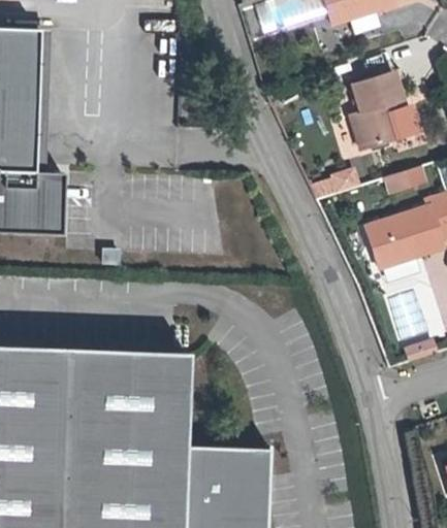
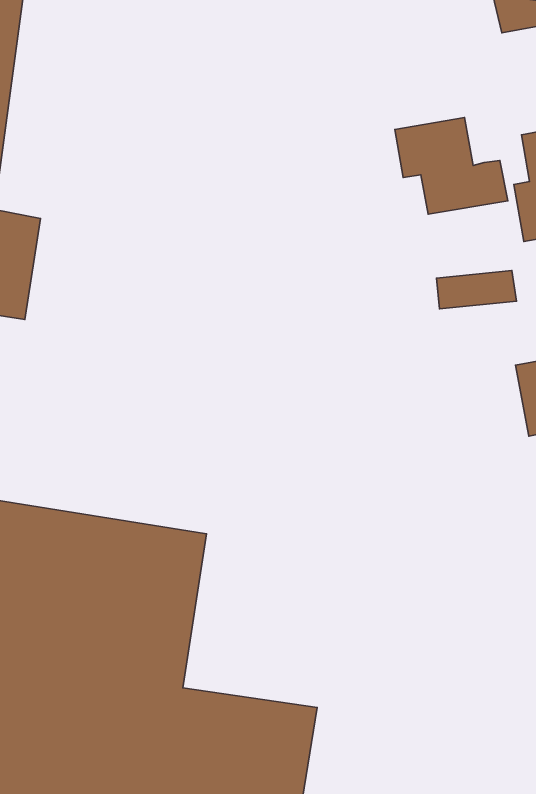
building: none -> [395,117,508,214]

